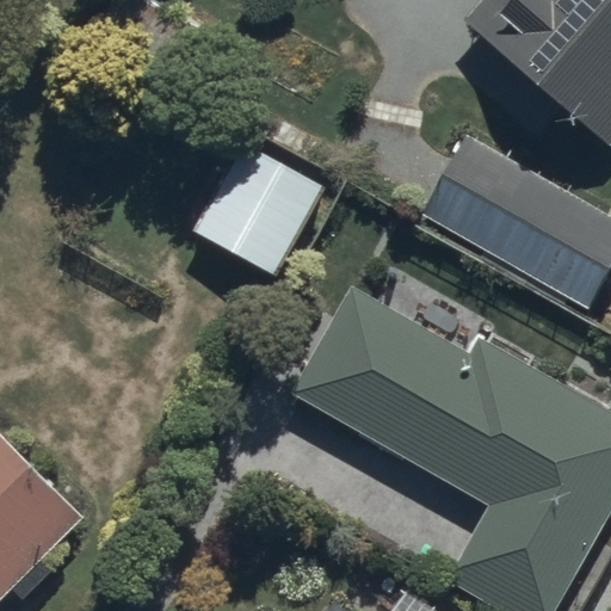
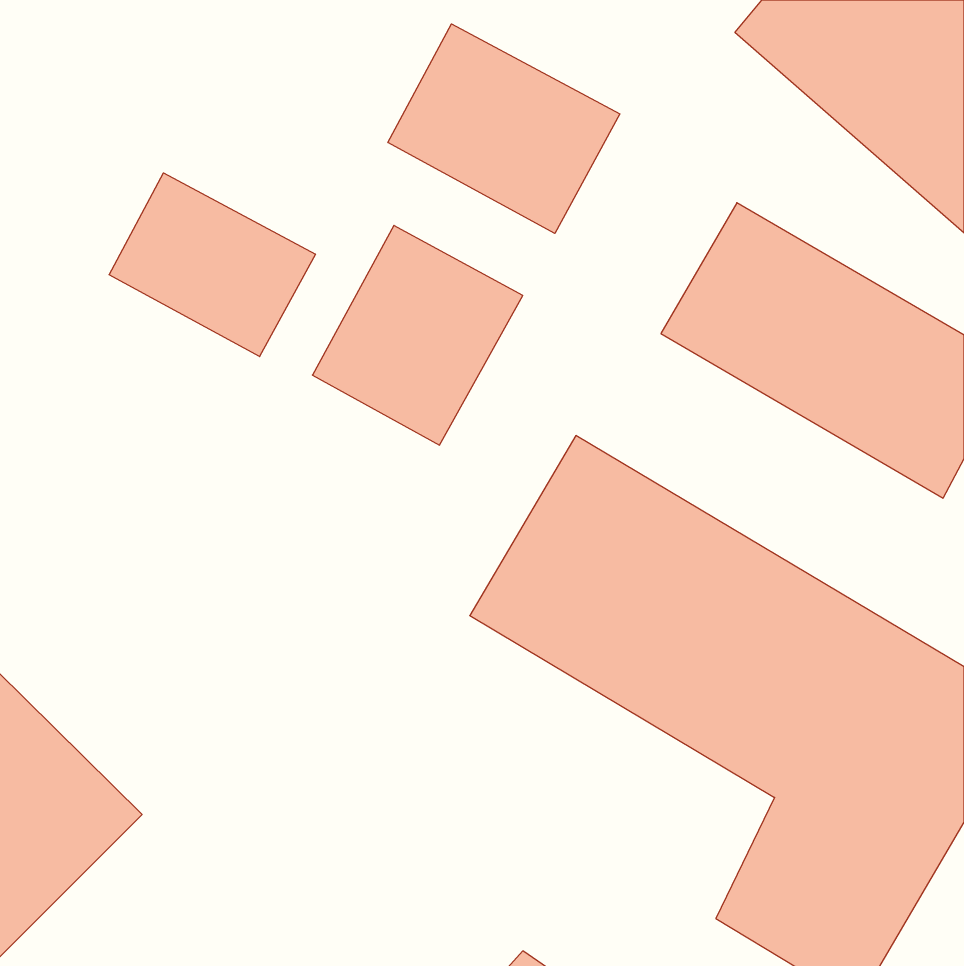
building: none -> [388,24,620,233]
building: none -> [109,173,315,357]

